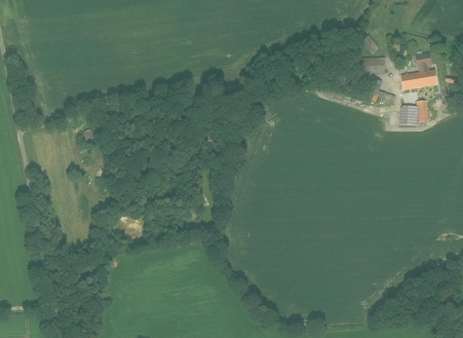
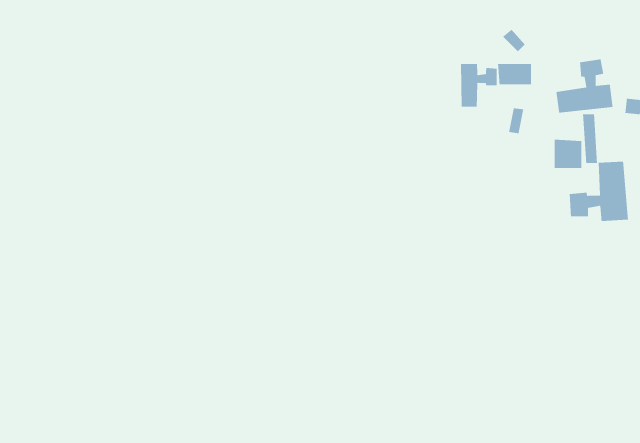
building: none -> [460,63,498,108]
building: none -> [569,161,629,222]

